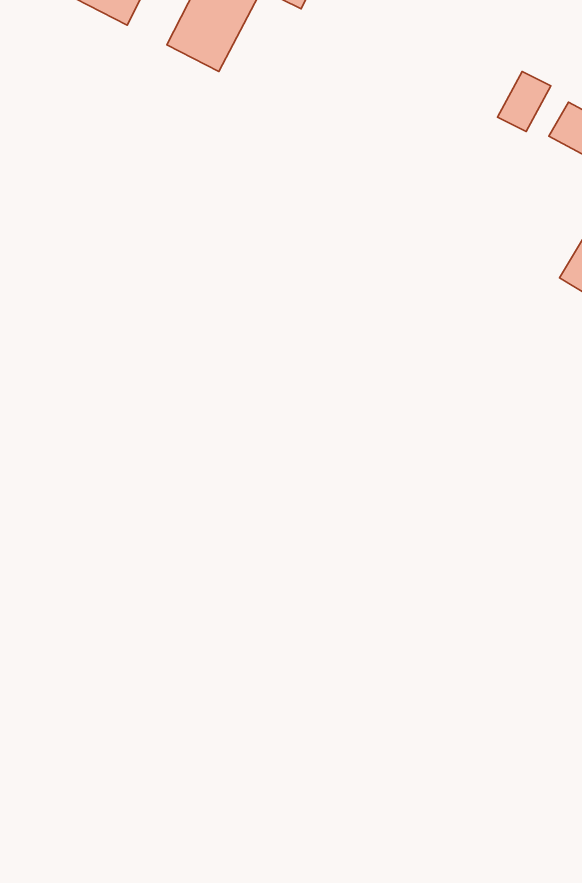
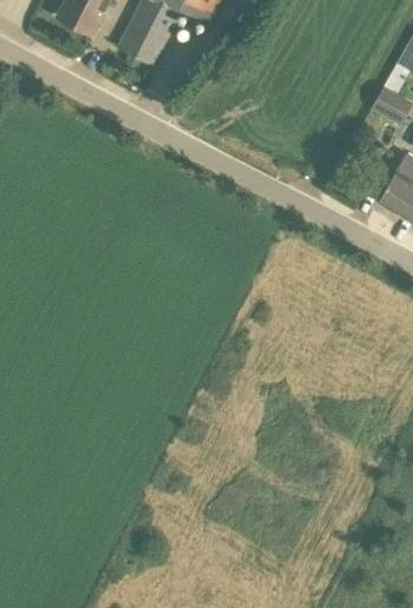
building: [497,72,551,131] -> none

